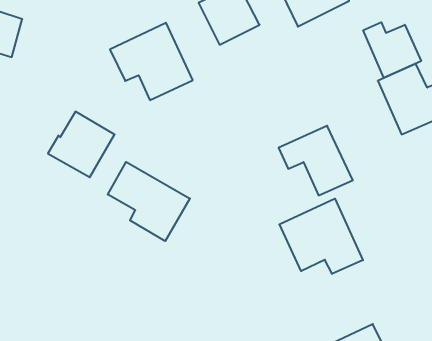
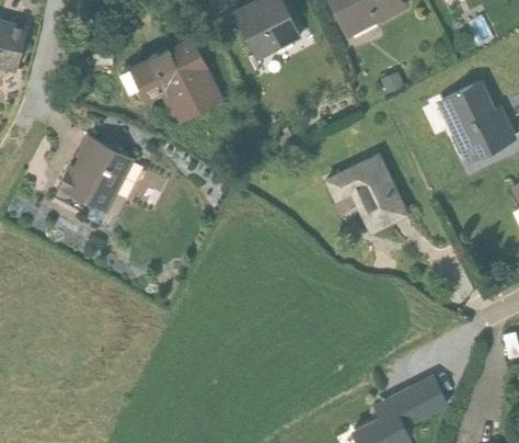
building: [363,22,421,78] -> none
building: [108,162,190,241] -> none
building: [279,199,363,274] -> none

